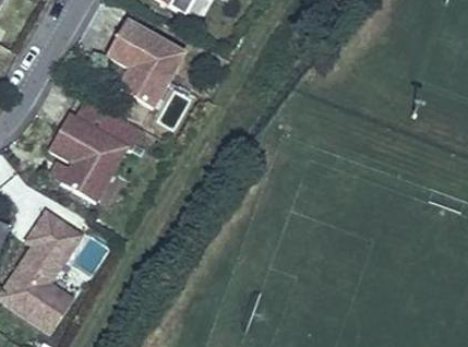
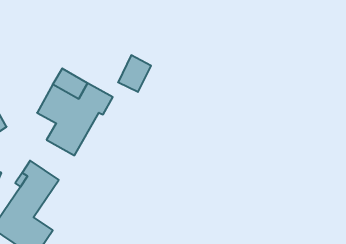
building: [105,20,183,108] -> none

